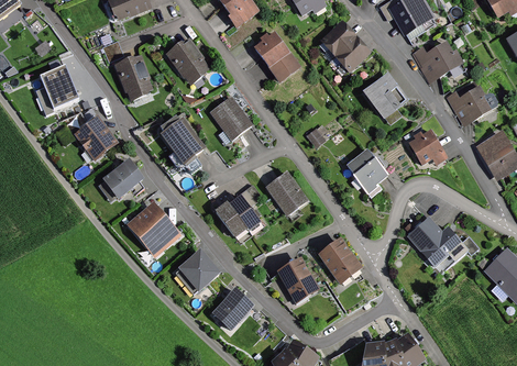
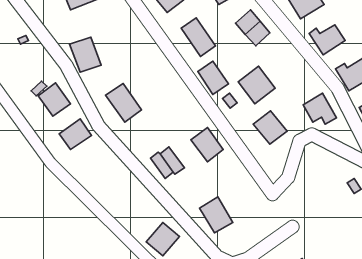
building: [167,40,208,82] -> none
building: [40,65,78,108] -> none
building: [362,71,408,119] -> [238,66,275,104]
building: [212,96,251,137] -> [198,61,229,94]
building: [128,202,180,256] -> none
building: [407,218,461,266] -> none
building: [318,237,361,281] -> none
building: [177,249,219,292] -> none

